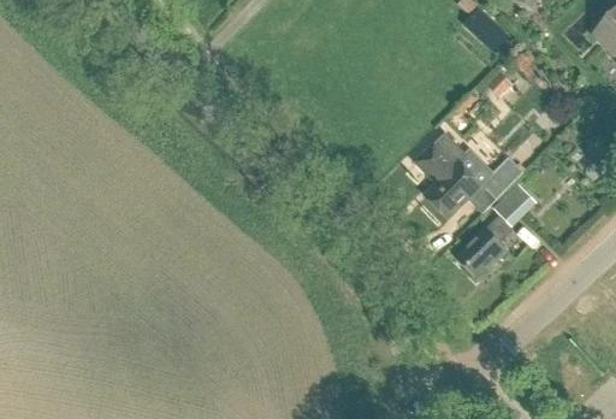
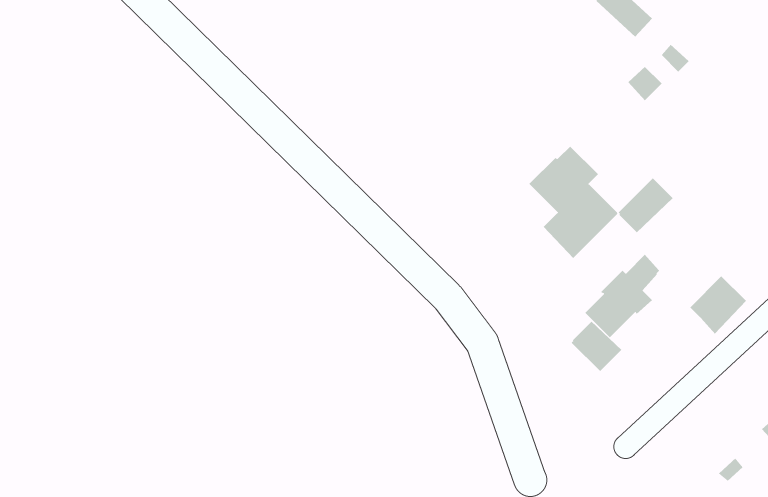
building: [493,181,537,225] -> [689,276,747,334]
building: none -> [571,321,622,372]

